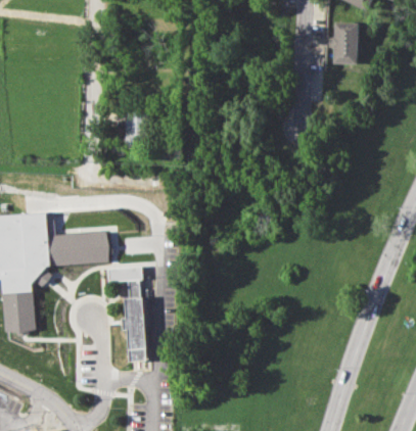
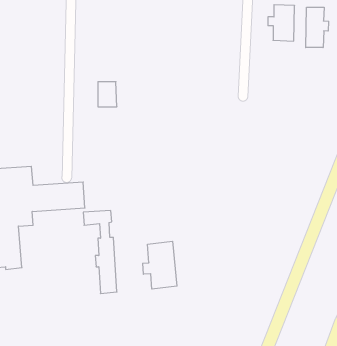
building: none -> [306,7,329,48]
building: none -> [143,241,177,289]

